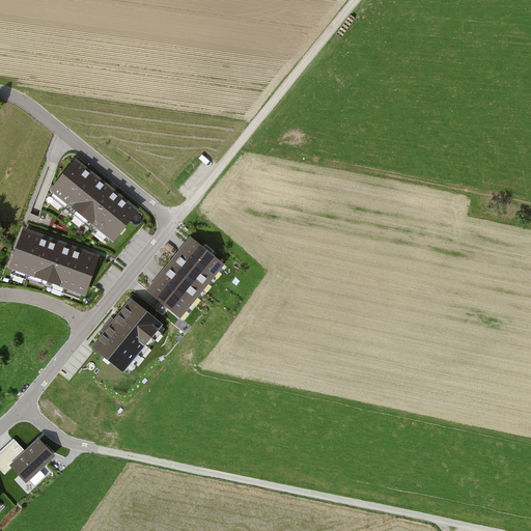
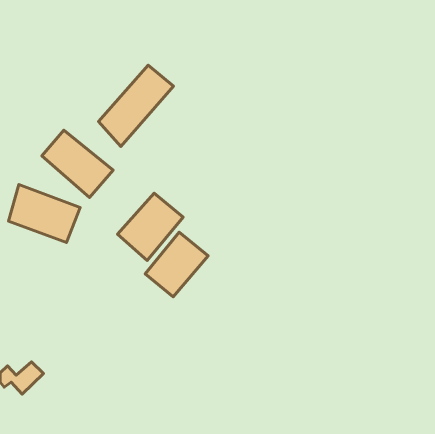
building: none -> [98,65,173,146]
building: [90,296,167,374] -> [145,232,208,297]

